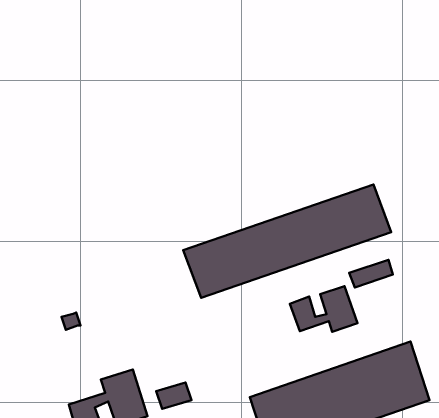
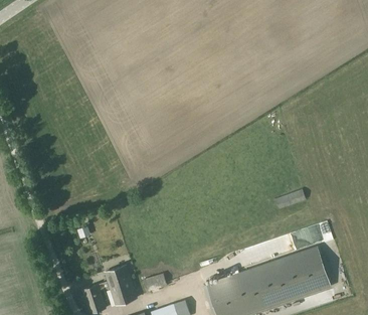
building: [183,184,391,298] -> none
building: [290,286,358,332] -> none

